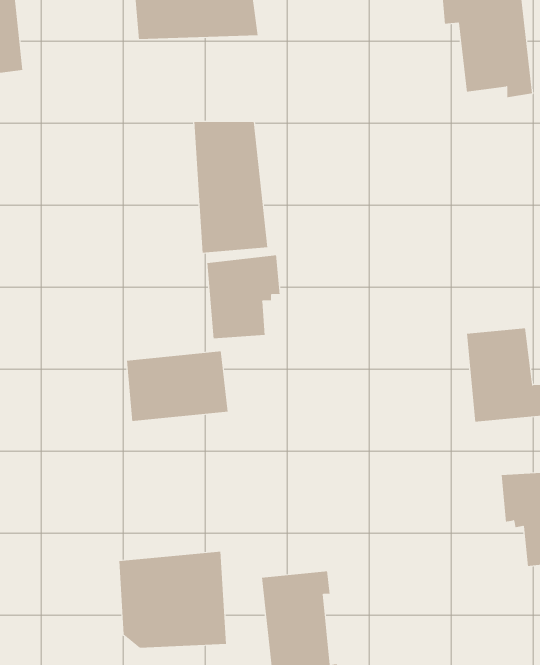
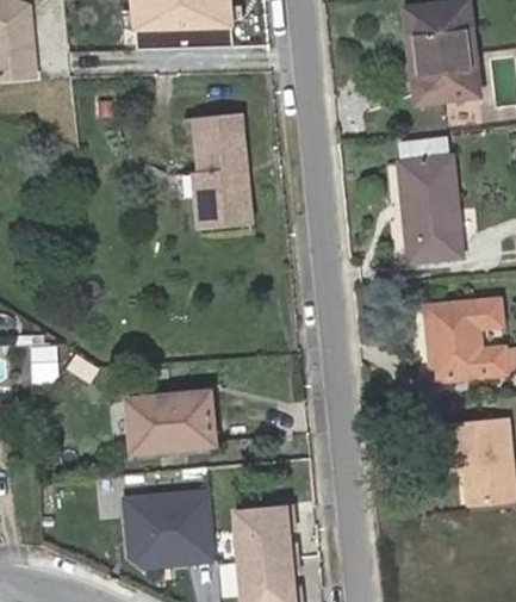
building: none -> [394,135,458,261]
building: [207,255,280,339] -> none
building: [126,351,229,421] -> [142,392,230,453]

